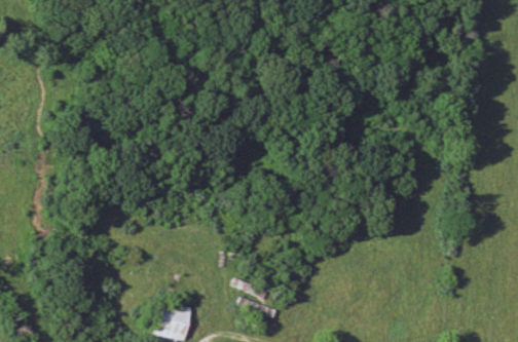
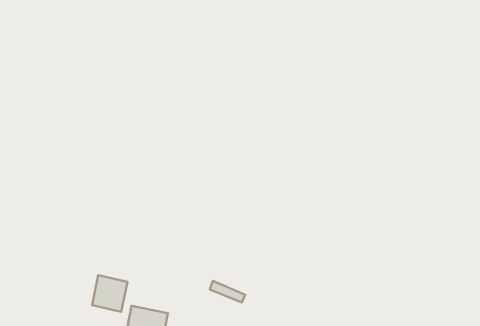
building: none -> [92,275,127,312]

